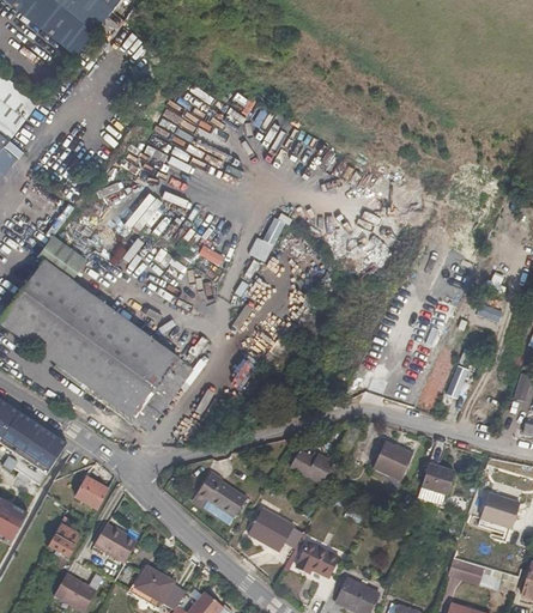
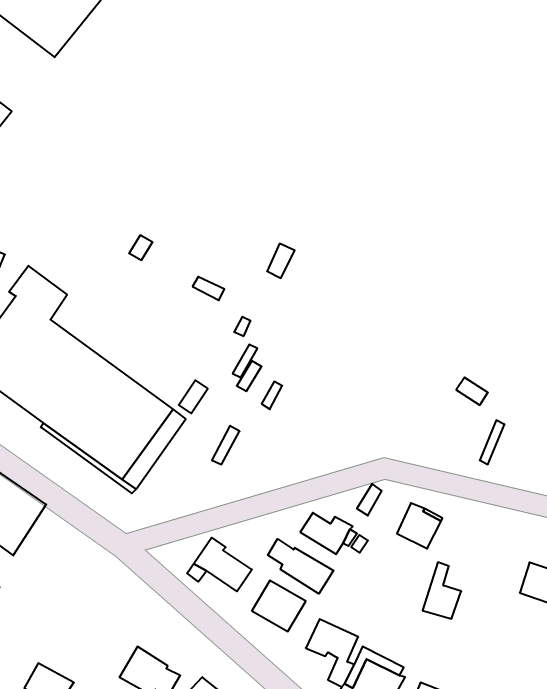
building: [420,445,454,494] -> [423,562,461,619]
building: none -> [268,539,333,594]
building: [75,477,108,508] -> none
building: [48,523,79,556] -> none
building: [93,526,135,565] -> none
building: [446,557,484,585] -> none

